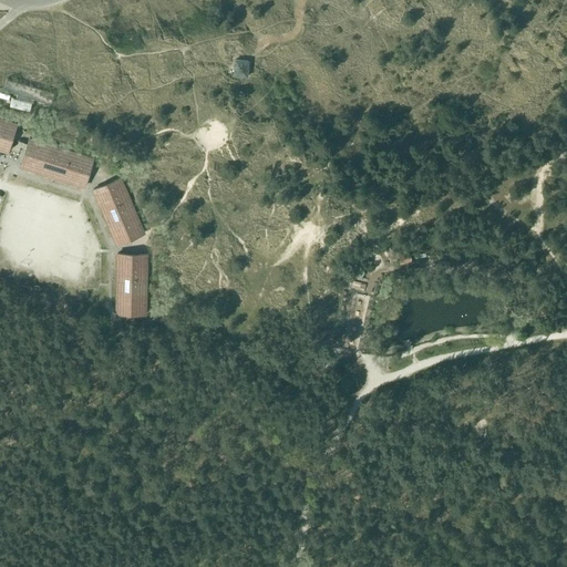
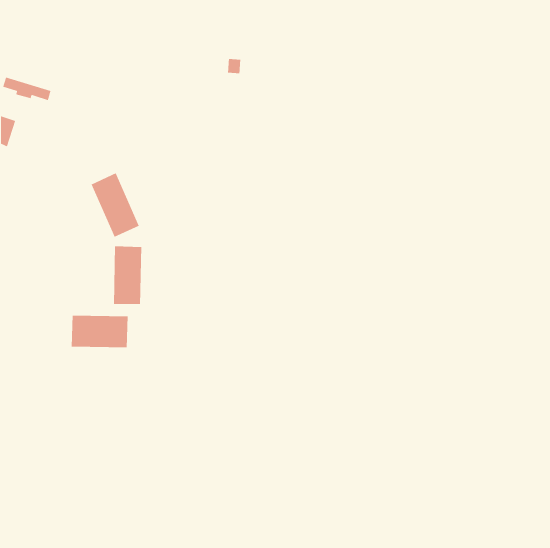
building: [20,140,93,188] -> none
building: none -> [71,315,128,348]

